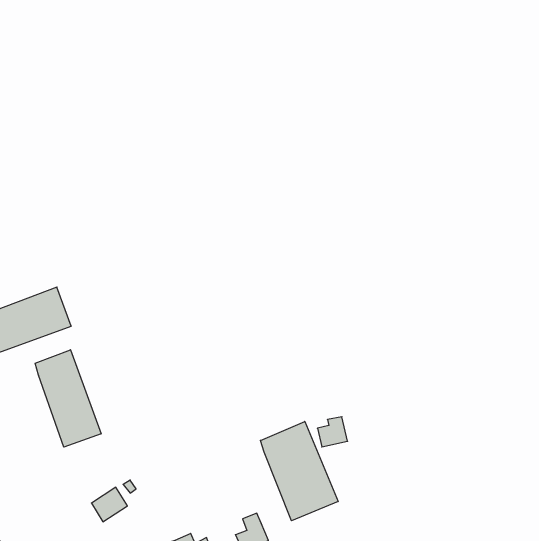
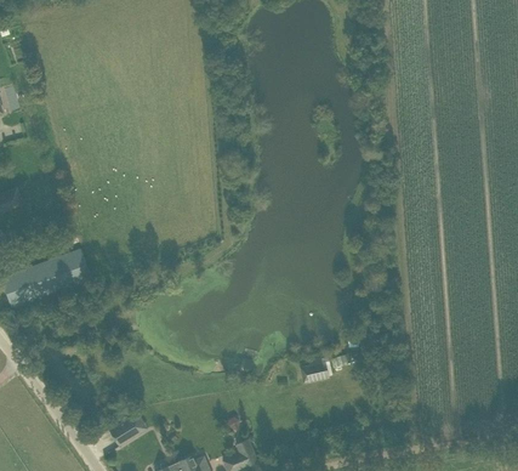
building: [35,350,101,447] -> none
building: [260,421,338,521] -> none

